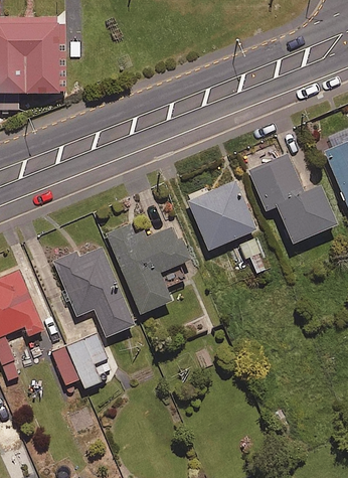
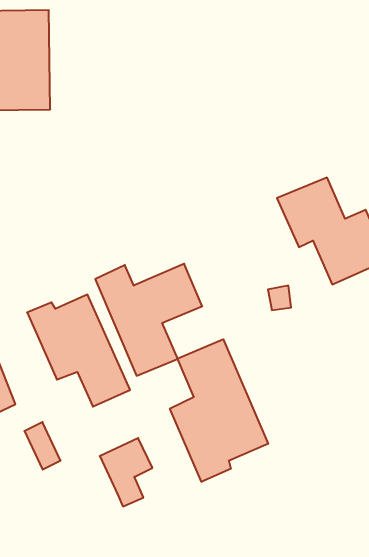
building: [187,180,256,251] -> none
building: none -> [170,339,268,482]
building: [65,333,107,386] -> [100,438,152,506]

